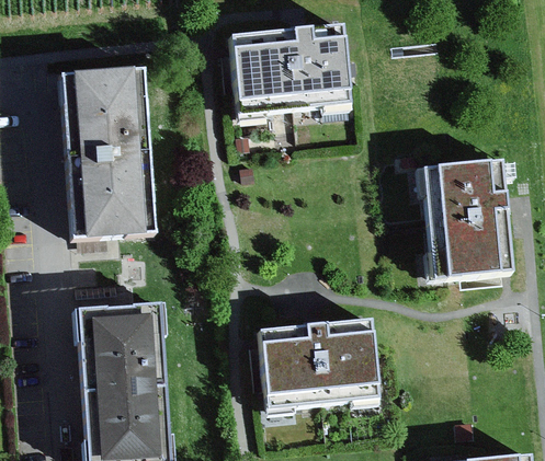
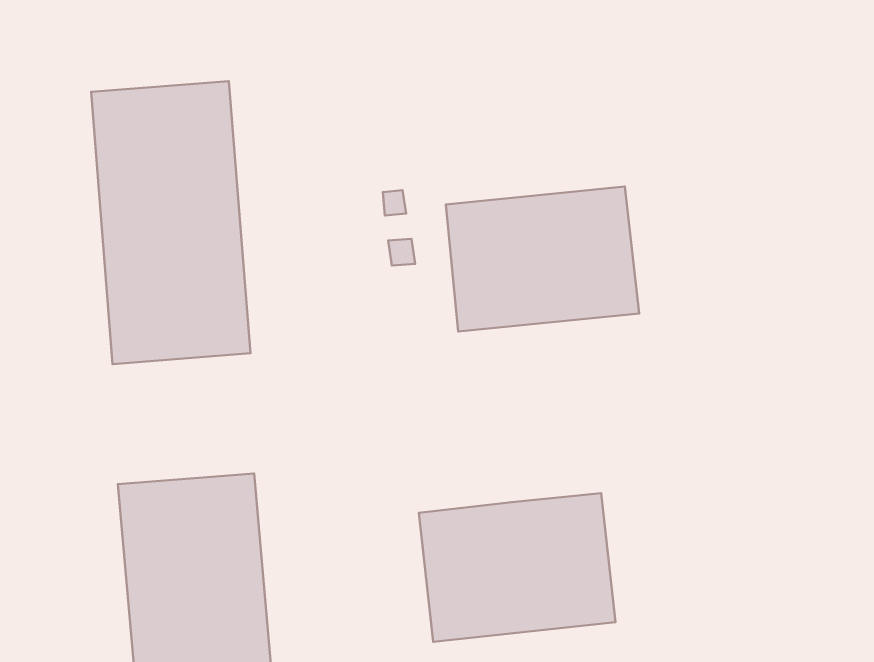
building: [229,22,348,111] -> [446,186,639,332]
building: [423,155,514,276] -> none

